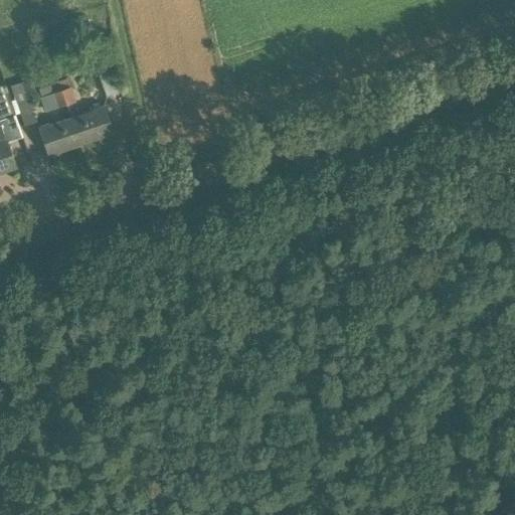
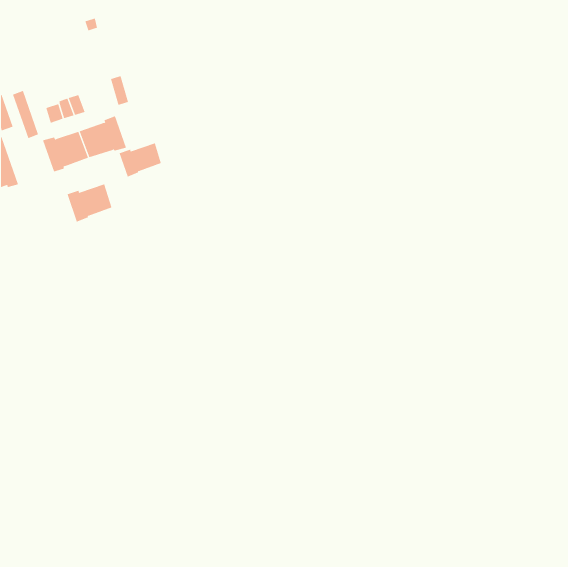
building: none -> [119,143,162,177]
building: none -> [67,184,112,223]

